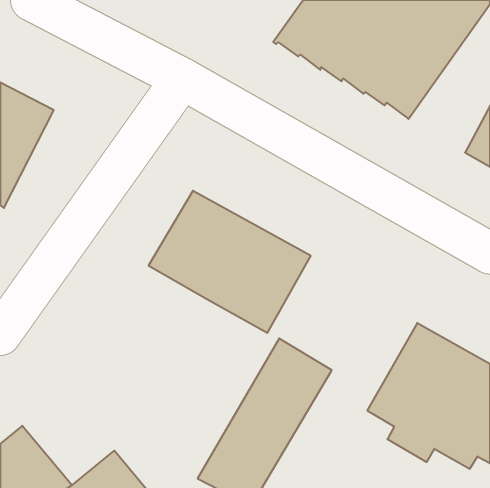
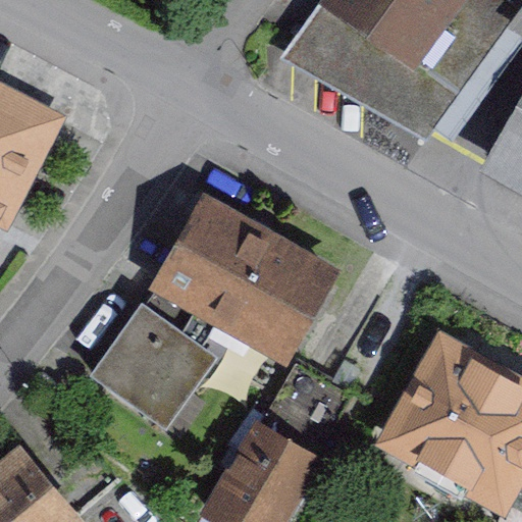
building: none -> [94,284,223,426]

